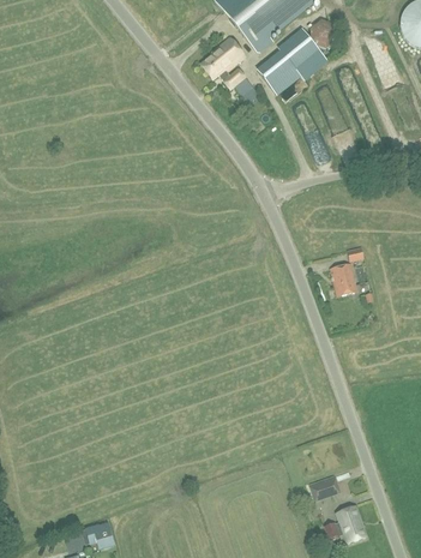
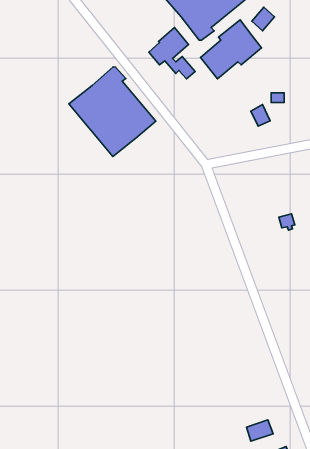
building: none -> [69,67,156,156]
building: [330,263,357,295] -> none

